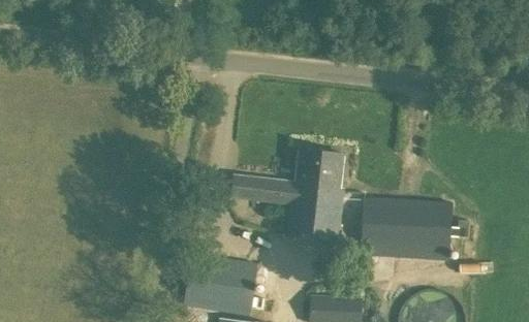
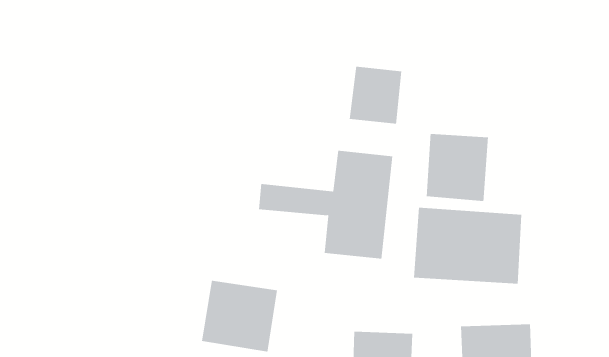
building: none -> [349,66,402,125]
building: none -> [426,133,488,202]

